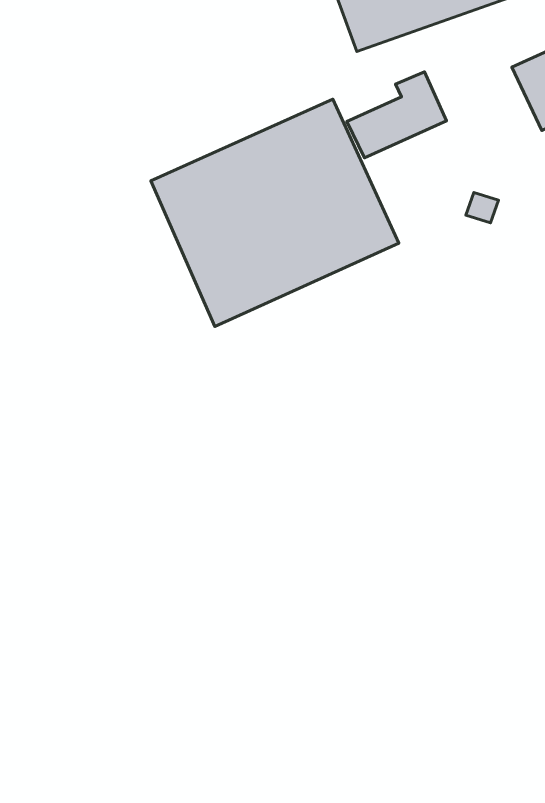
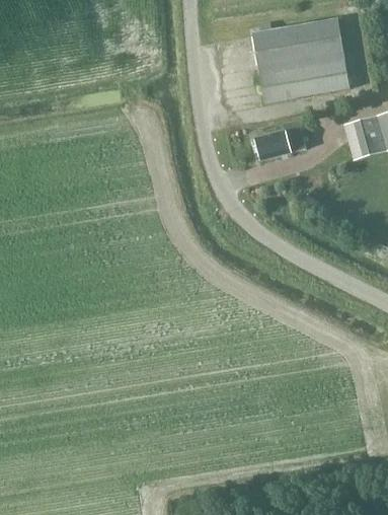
building: [151,99,399,326] -> none

